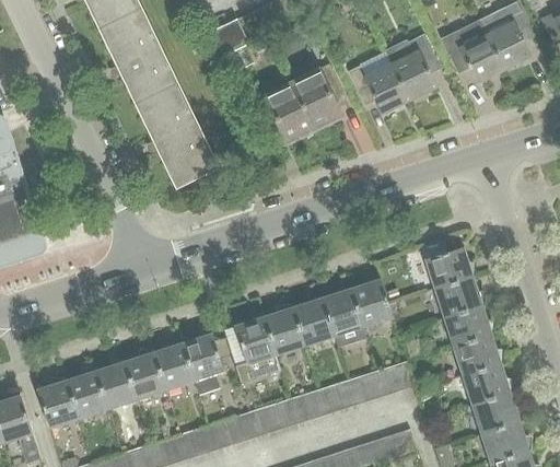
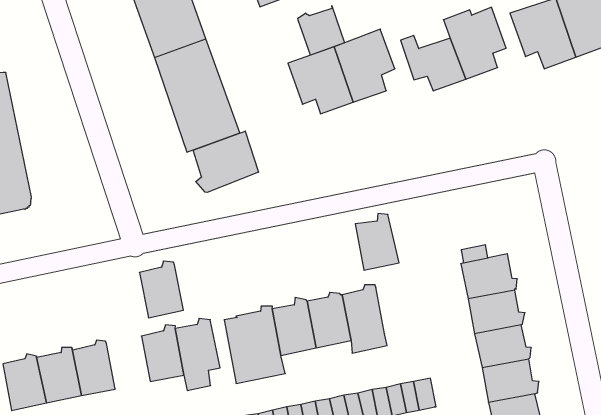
building: none -> [298,6,344,55]
building: none -> [193,131,259,192]
building: [352,277,394,327] -> [355,214,399,270]
building: [125,350,166,400] -> [139,261,183,318]

